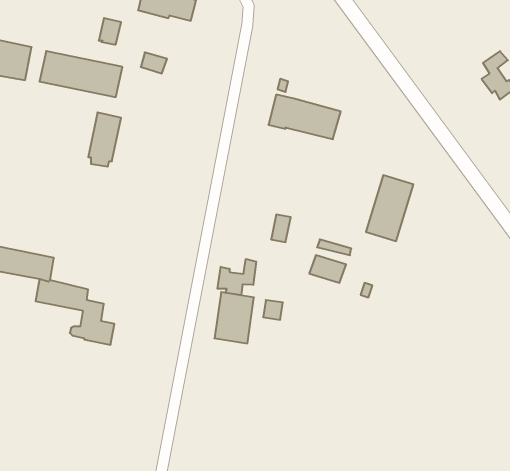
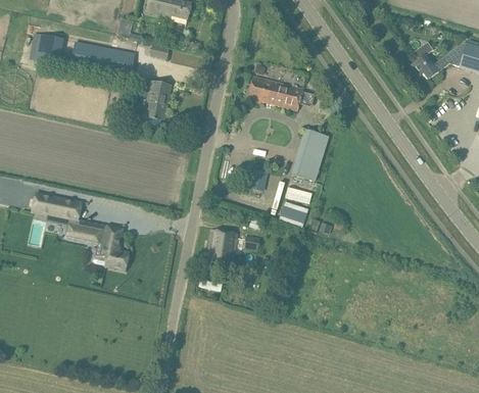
building: [88,112,121,166] -> [145,81,171,122]
building: [366,175,413,241] -> [292,129,329,180]
building: [217,259,256,295] -> none

